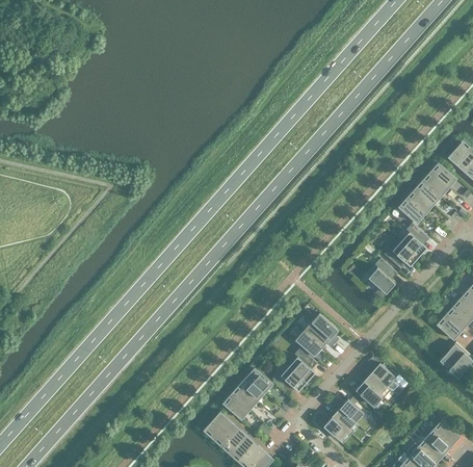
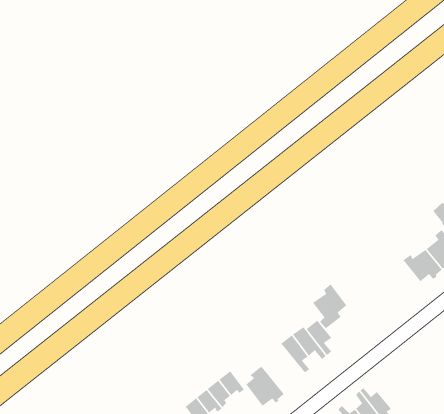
building: [368,258,397,296] -> [312,283,347,329]
building: [289,347,317,381] -> none

